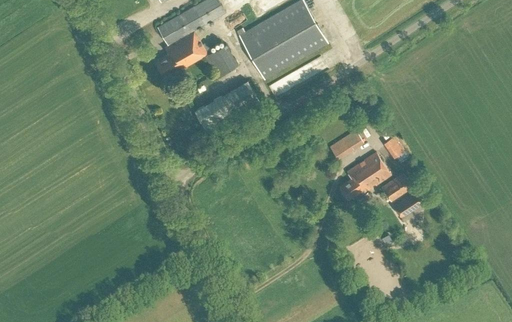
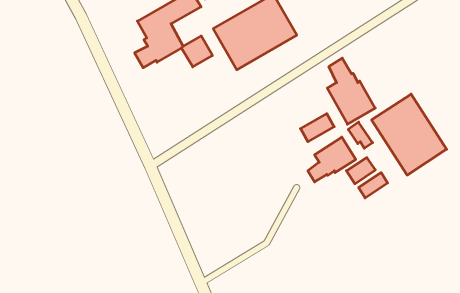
building: none -> [327,58,375,124]
building: [194,82,259,133] -> none
building: none -> [372,94,447,175]

